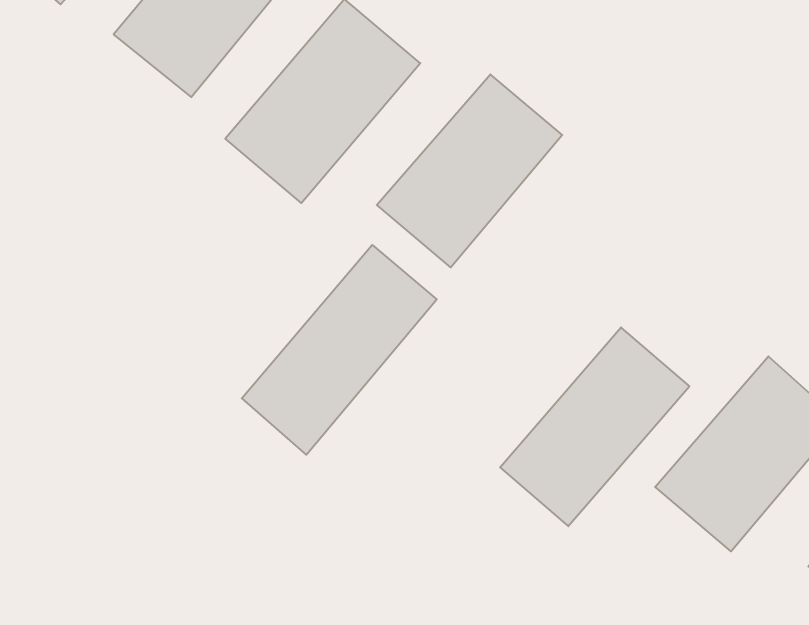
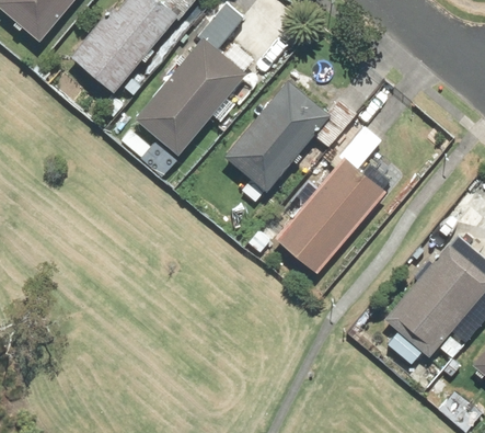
building: [242,245,437,455] -> none
building: [500,327,689,526] -> [277,157,386,272]

